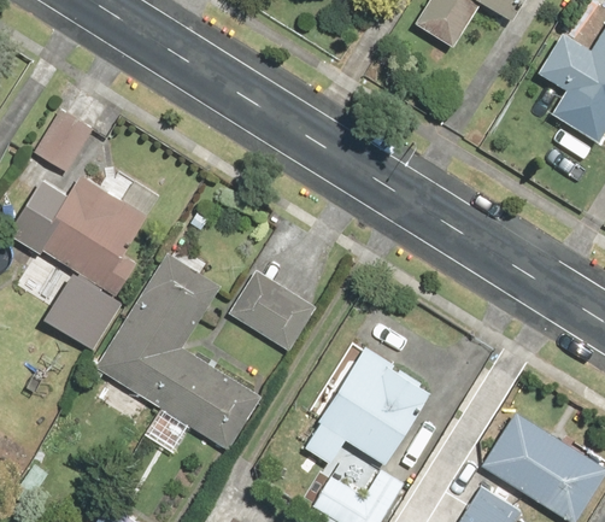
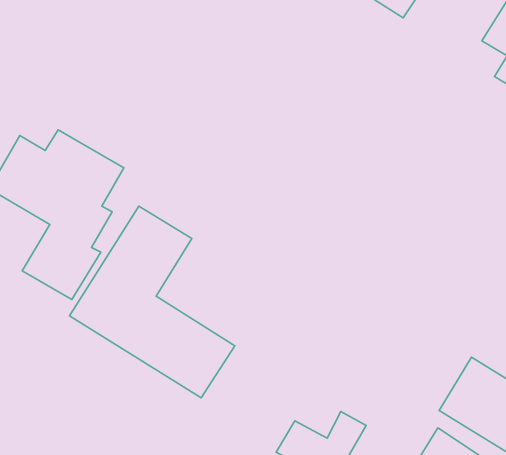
building: [33,110,93,172] -> none
building: [228,270,317,352] -> none
building: [301,345,435,465] -> none

